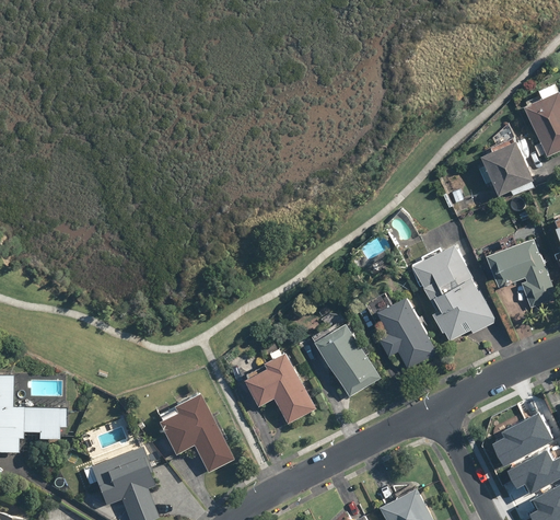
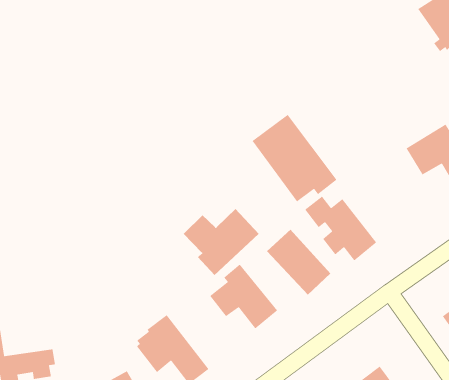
building: [479,124,536,196] -> none
building: [410,241,497,339] -> [251,114,337,203]
building: none -> [183,208,259,276]

